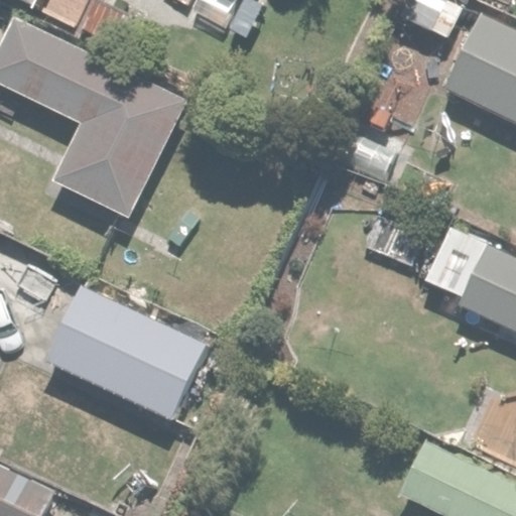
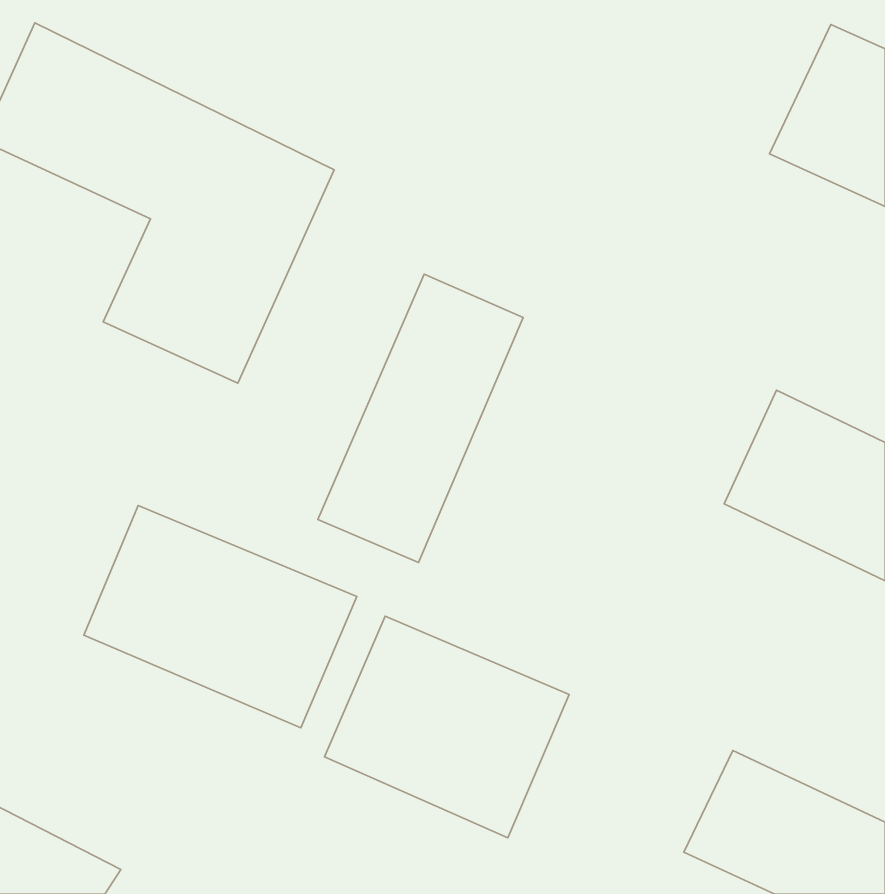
building: none -> [318,274,523,562]
building: none -> [324,616,569,838]

